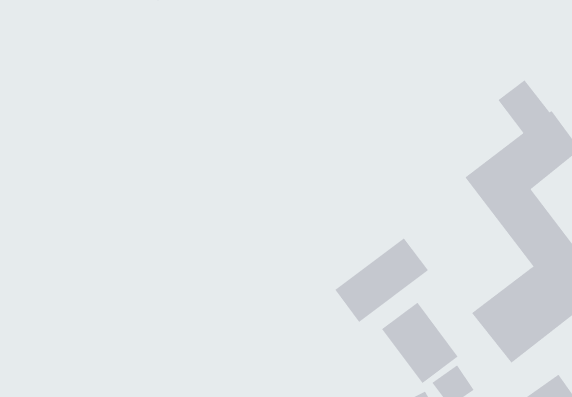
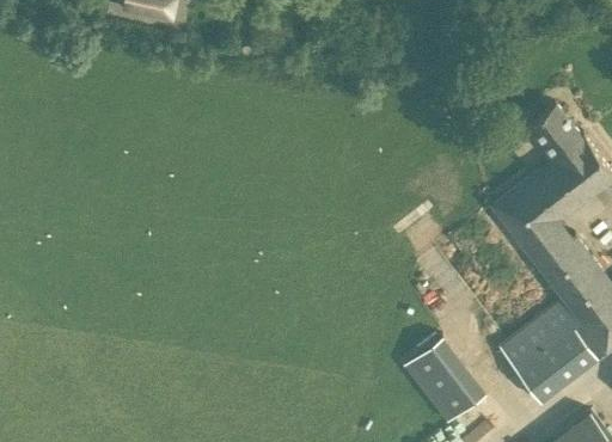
building: [334,237,429,323] -> none

